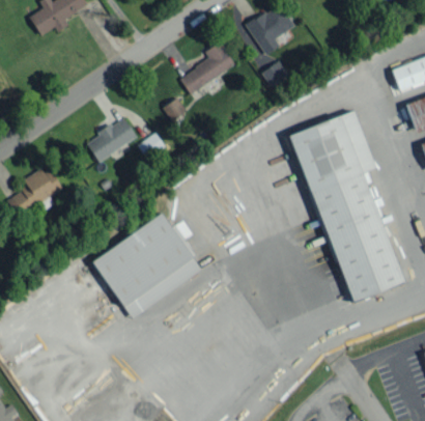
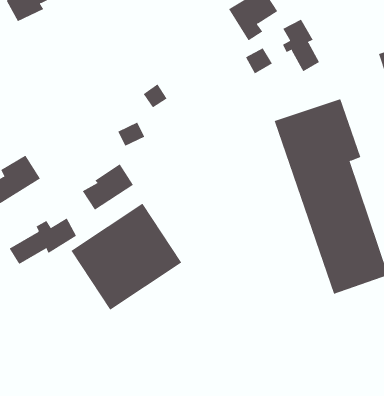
building: none -> [282,19,320,72]
building: [179,41,235,93] -> none
building: [86,116,137,162] -> [82,164,134,210]
building: none -> [9,217,77,265]

